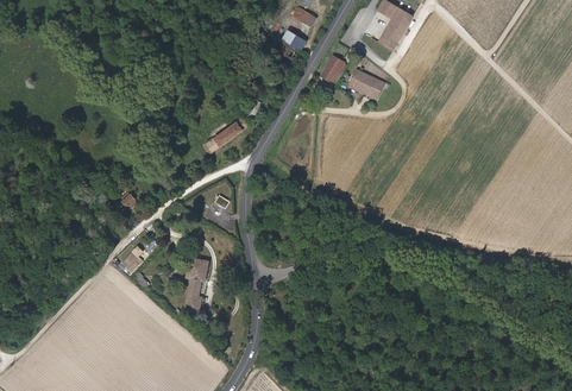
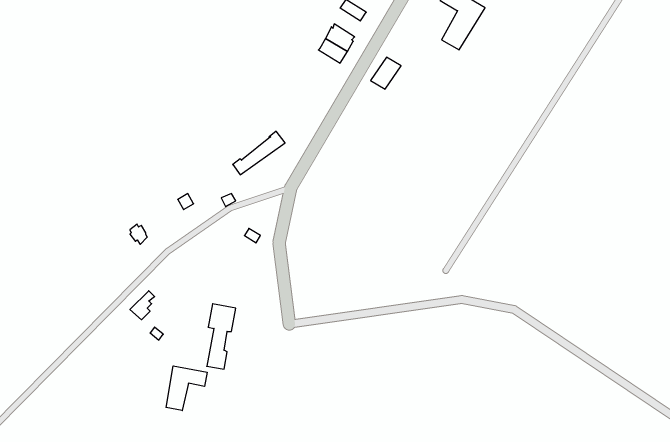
building: [347,69,384,100] -> none
building: none -> [166,366,207,411]

